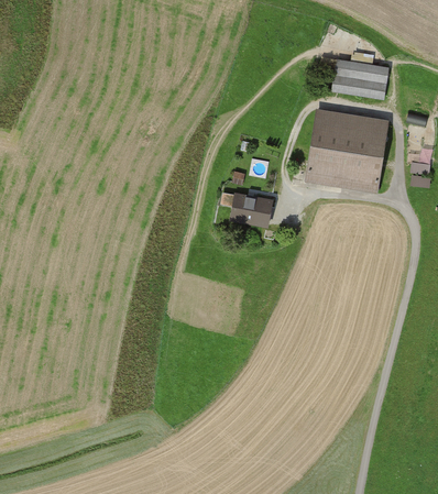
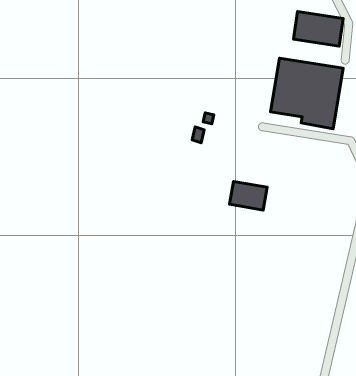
building: [230,194,272,226] -> [229,181,267,210]

